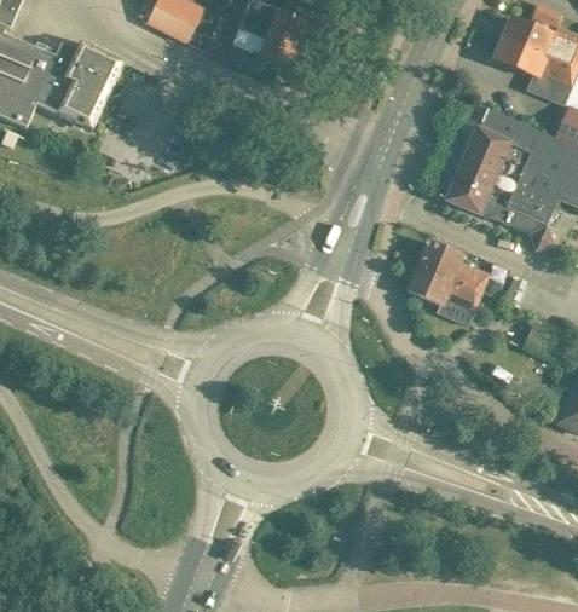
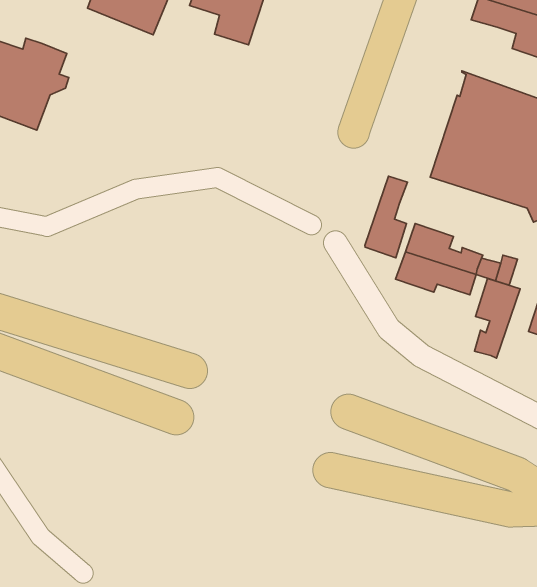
building: none -> [365,176,407,258]
building: none -> [475,278,520,358]

